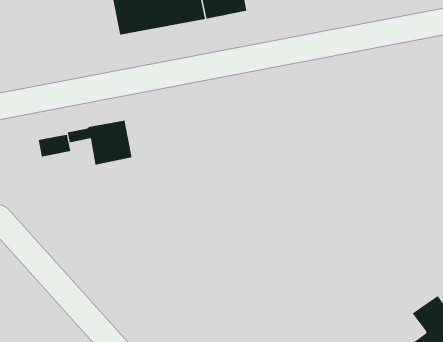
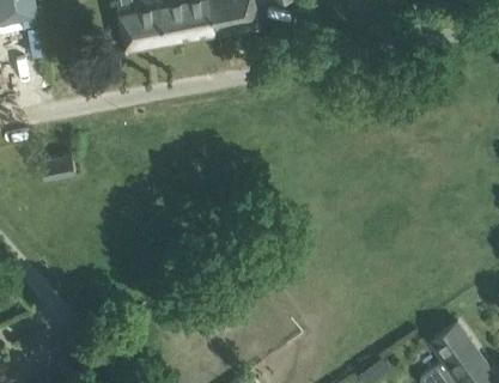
building: [67,120,132,165] -> none

